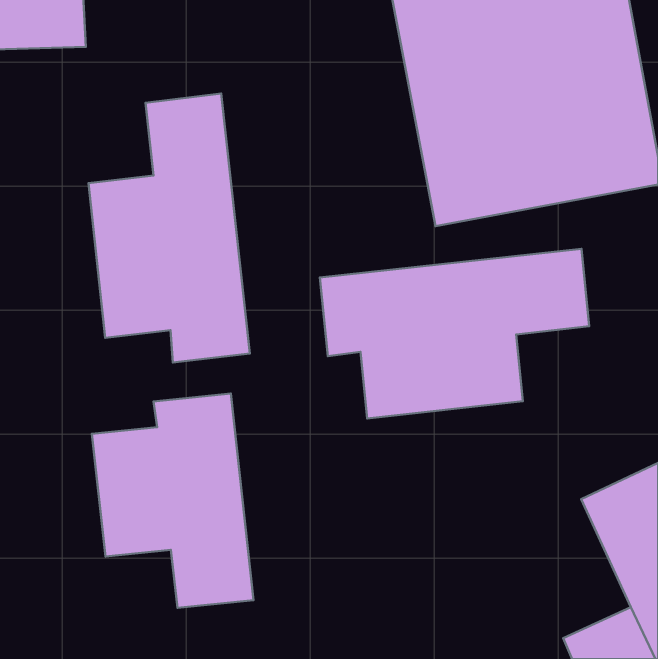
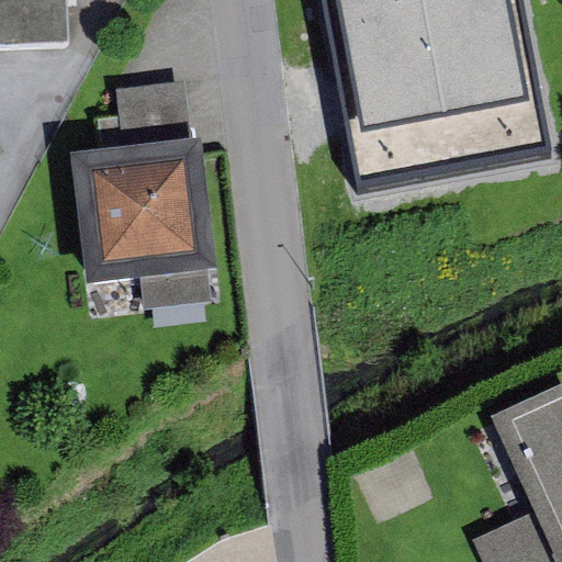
building: [320,249,589,419] -> none
building: [92,394,253,608] -> none

